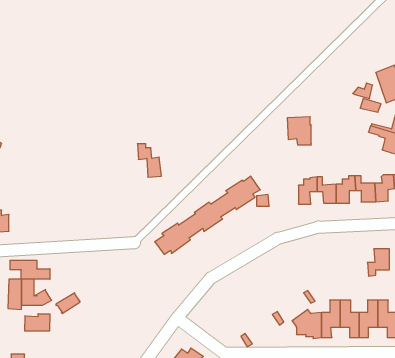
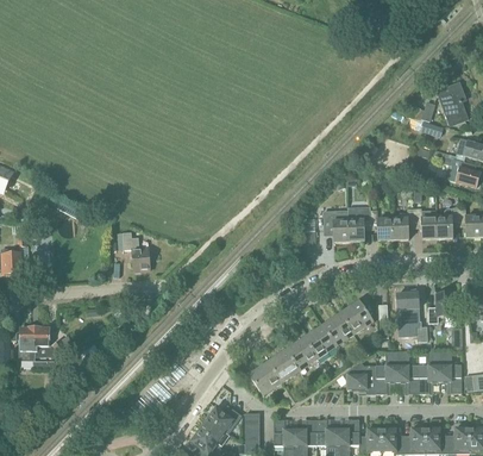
building: [287,117,311,145] -> [322,210,350,242]
building: [137,144,161,177] -> [123,232,150,270]
building: [155,176,260,254] -> [250,302,370,392]
building: none -> [397,292,427,342]
building: [10,260,50,279] -> none
building: [25,314,50,331] -> none

